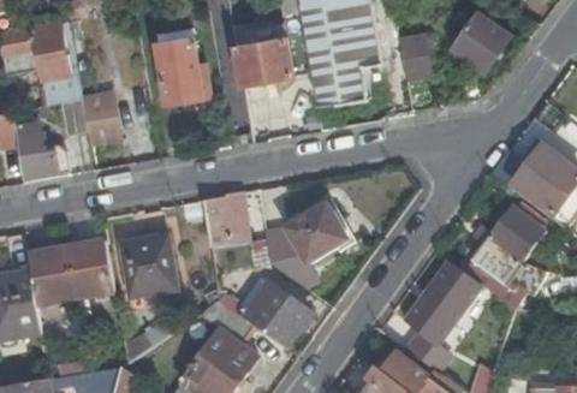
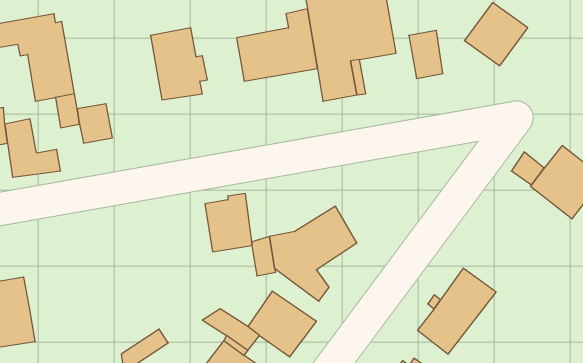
building: [471,207,545,310] -> none
building: [121,236,174,296] -> none
building: [30,242,115,304] -> none

